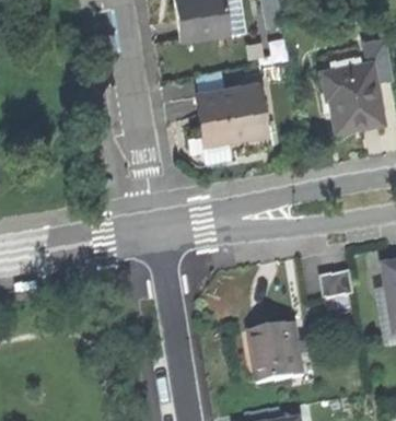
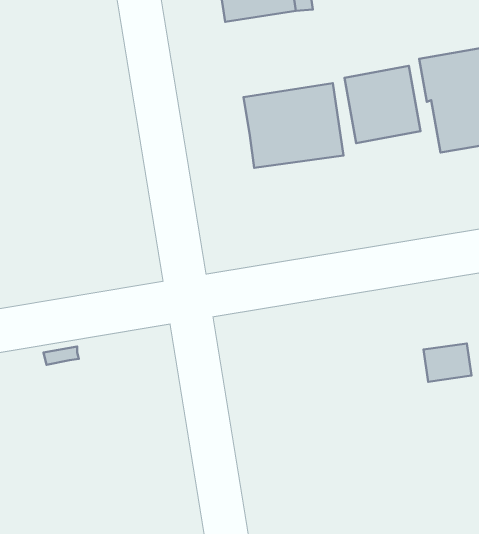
building: none -> [344,66,421,143]
building: [252,323,306,382] -> none

